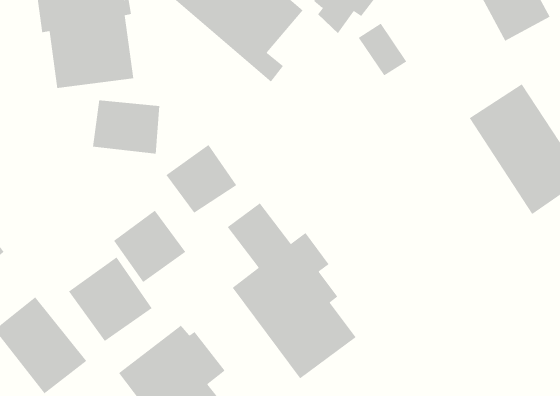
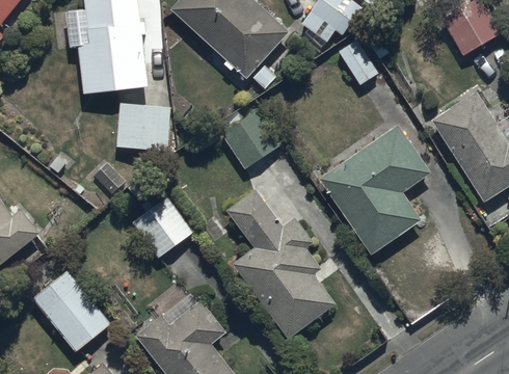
building: none -> [320,125,432,253]
building: [165,144,237,214] -> [221,110,282,168]
building: [68,257,153,342] -> none

